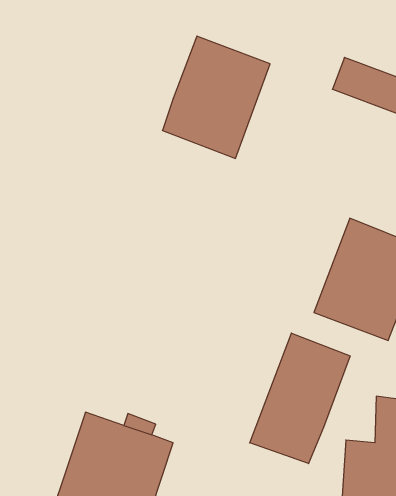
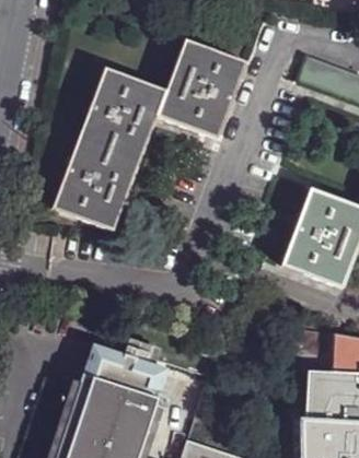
building: none -> [51,68,165,232]
building: [250,333,350,464] -> none

